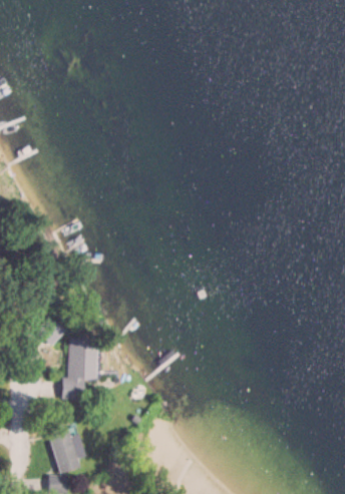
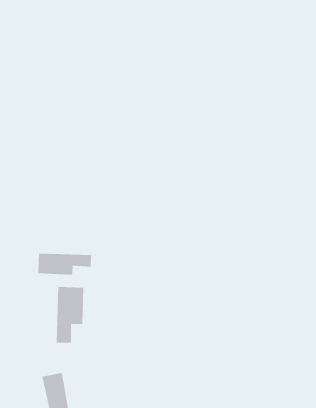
building: none -> [38,253,92,275]

